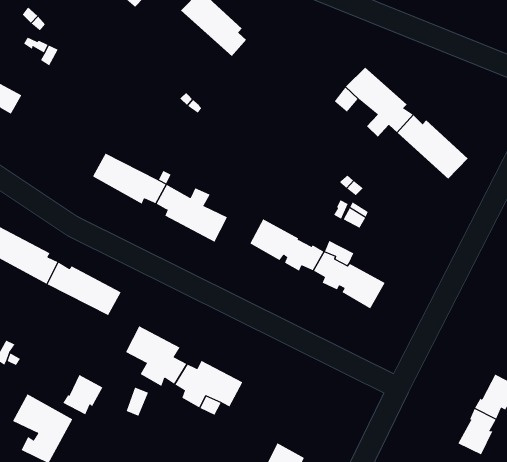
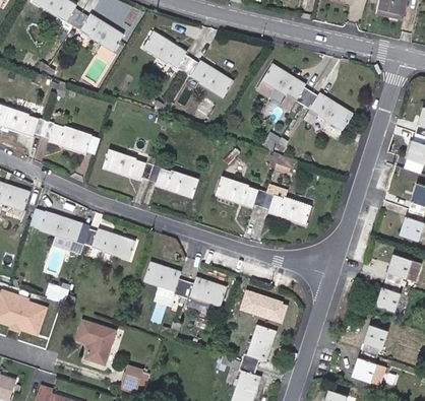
building: none -> [183,59,233,97]
building: none -> [42,121,92,153]
building: [63,374,103,415] -> none
building: none -> [240,290,289,322]

